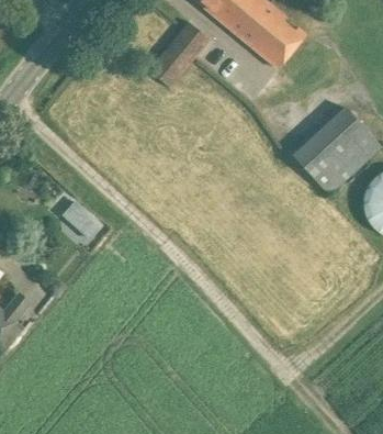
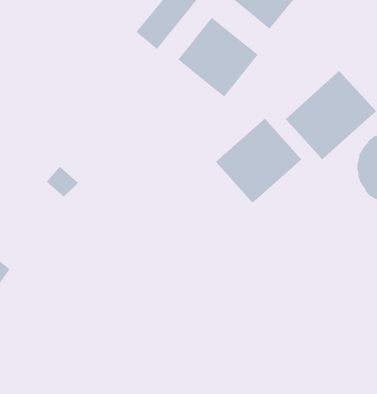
building: none -> [177,17,259,98]
building: none -> [215,118,302,203]

